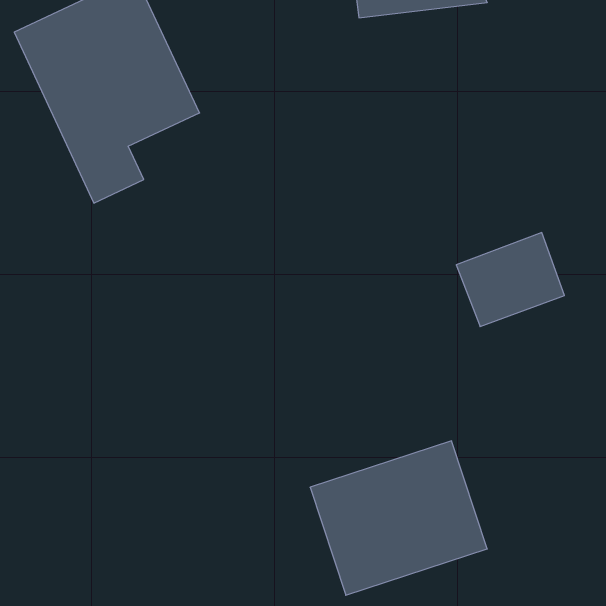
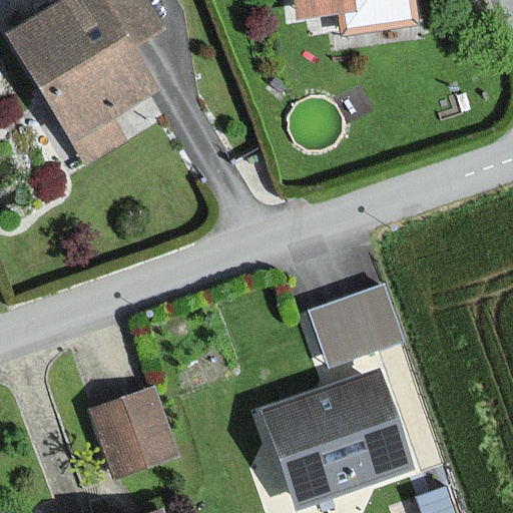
building: [456,233,564,327] -> [310,284,401,363]
building: none -> [96,397,171,478]

